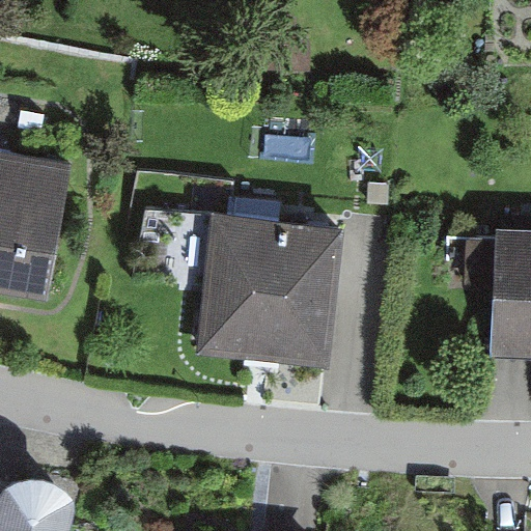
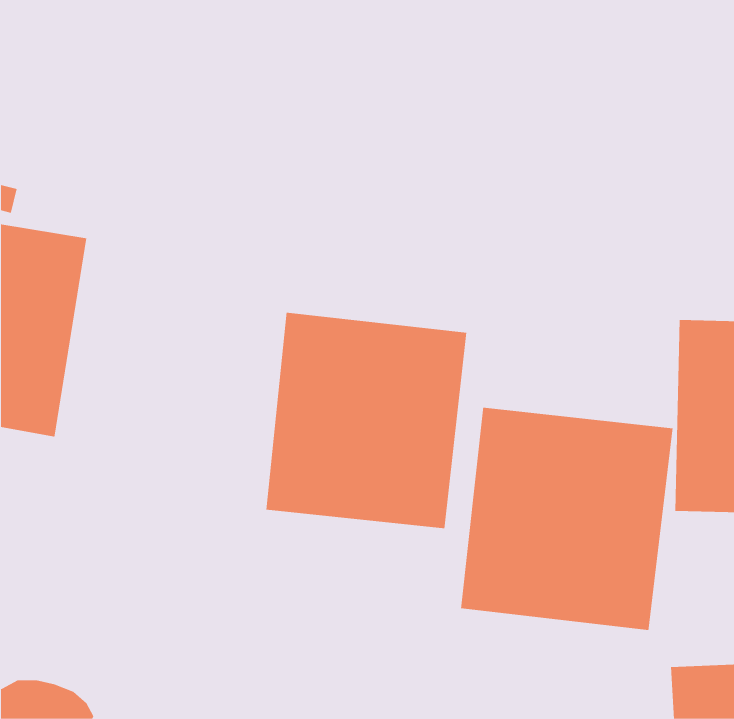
building: none -> [461,407,673,631]

